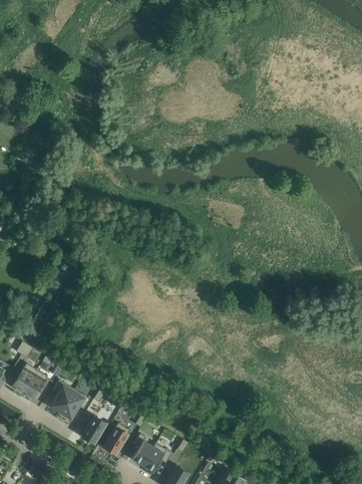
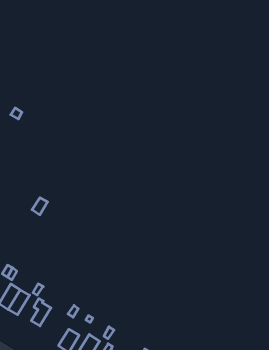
building: [59,392,89,419] -> none

